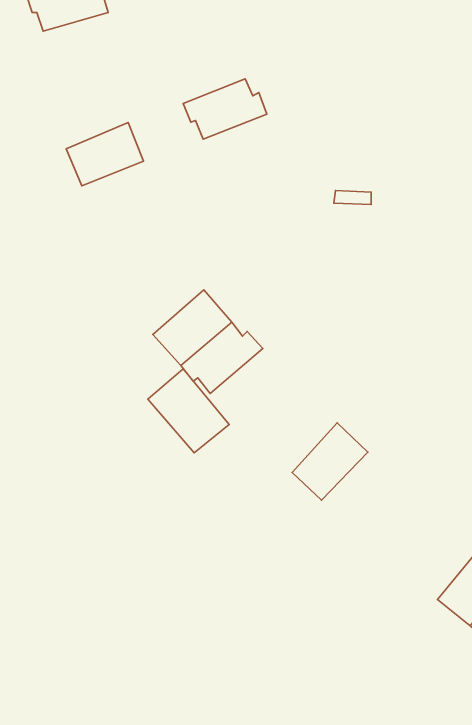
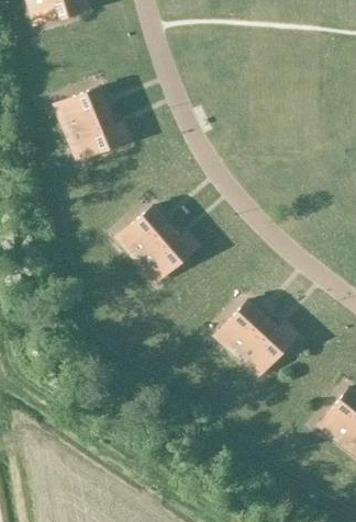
building: [183,79,267,139] -> [68,115,127,158]
building: [148,369,229,453] -> none
building: none -> [238,321,296,373]

